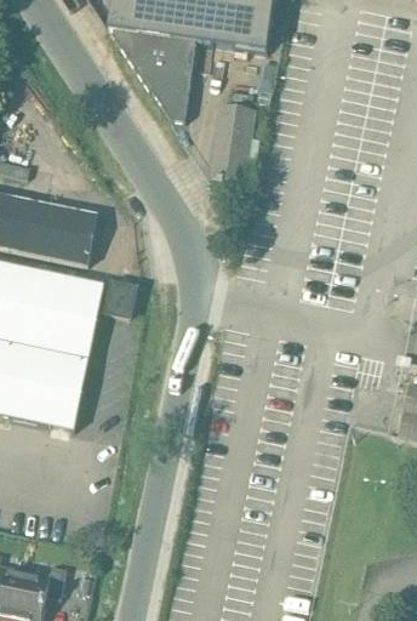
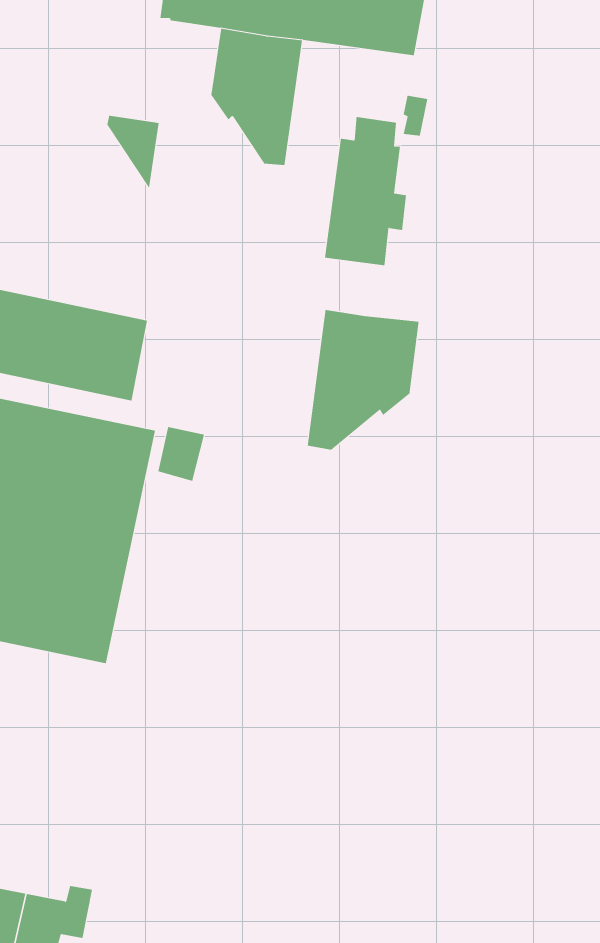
building: [112,29,144,75] -> [106,115,159,190]
building: none -> [307,309,419,450]

